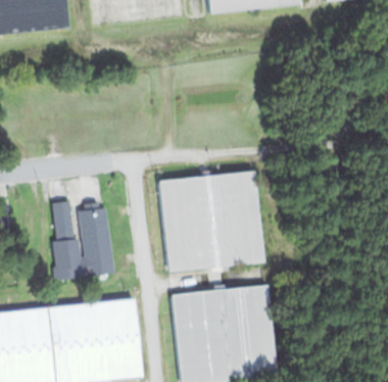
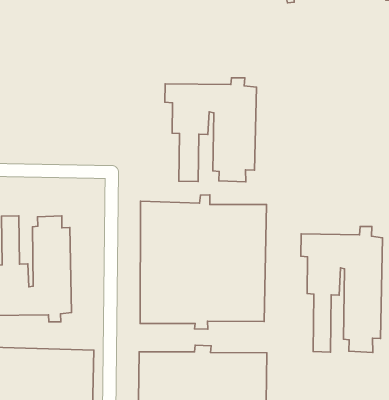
building: none -> [165,78,256,182]
building: none -> [301,226,382,352]

